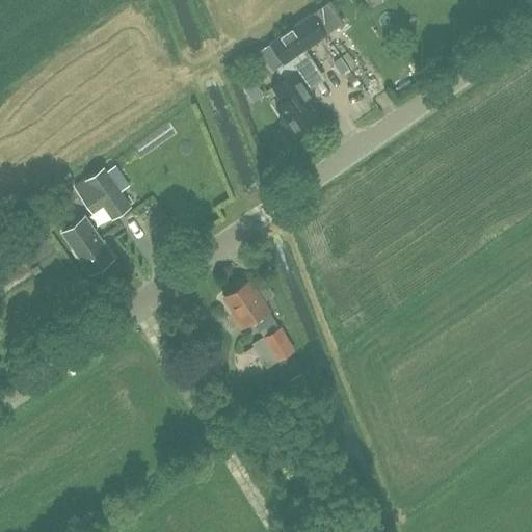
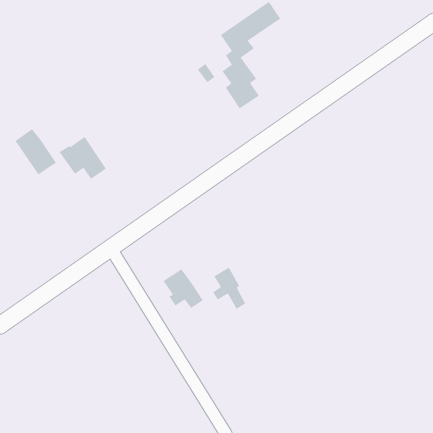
building: [62,216,114,274] -> [14,128,57,176]
building: [224,283,275,332] -> [162,268,204,309]

